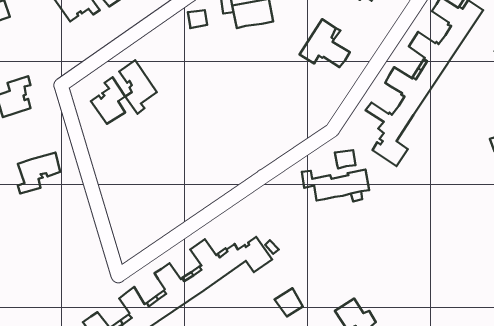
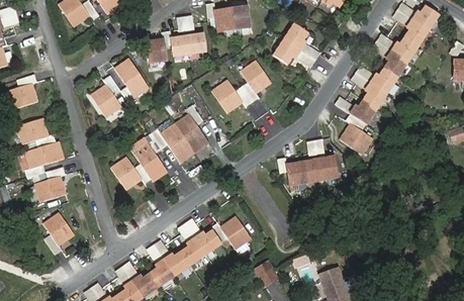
building: none -> [148,30,207,62]
building: none -> [212,61,272,112]
building: none -> [111,105,209,190]
building: none -> [18,118,57,147]
building: none -> [37,167,67,201]
building: none -> [44,212,74,254]

